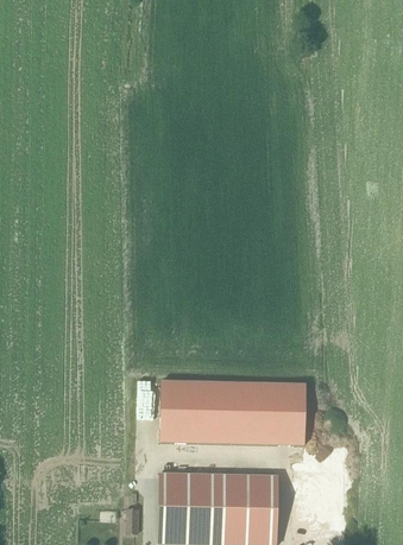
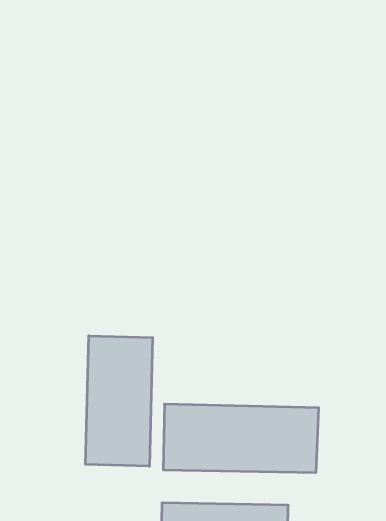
building: none -> [86,336,153,466]

